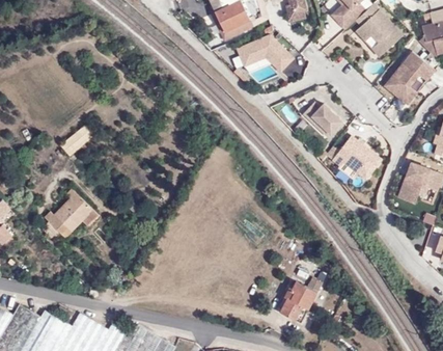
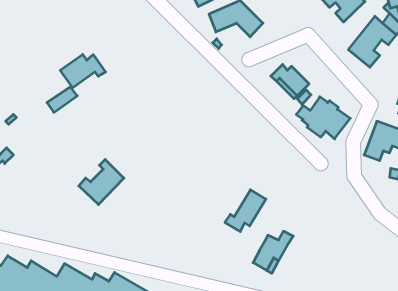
building: none -> [60,54,106,88]
building: [44,191,91,239] -> [79,159,124,205]
building: none -> [225,190,266,232]

